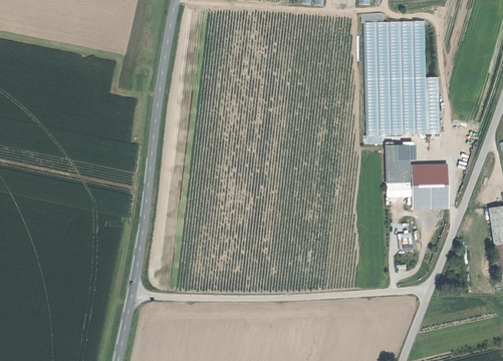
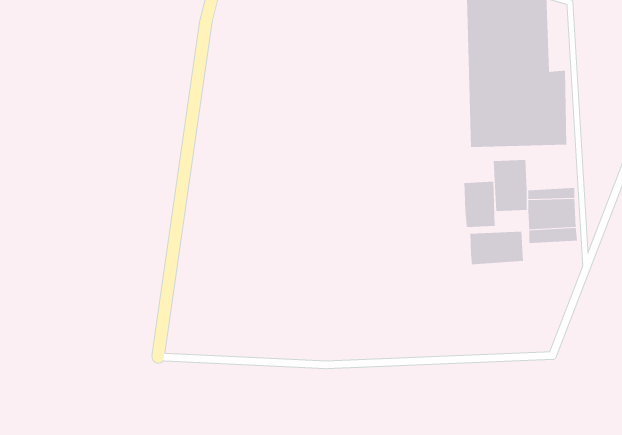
building: none -> [464,181,495,228]
building: none -> [470,231,524,265]

